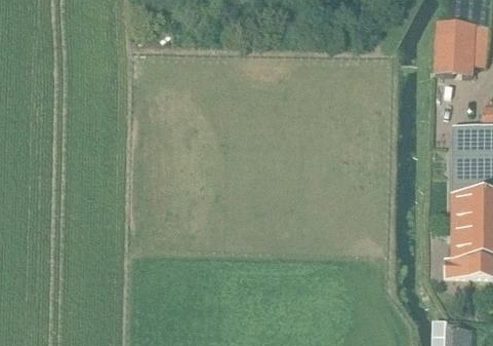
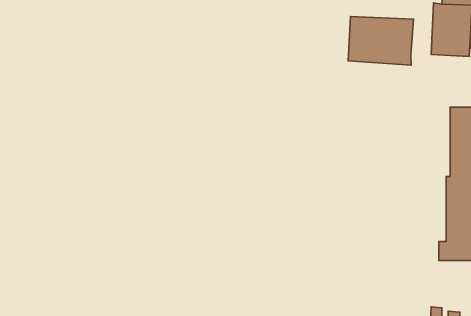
building: none -> [348,16,414,65]

